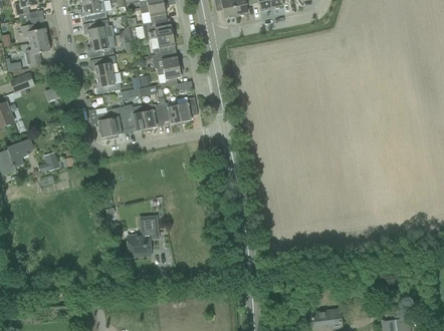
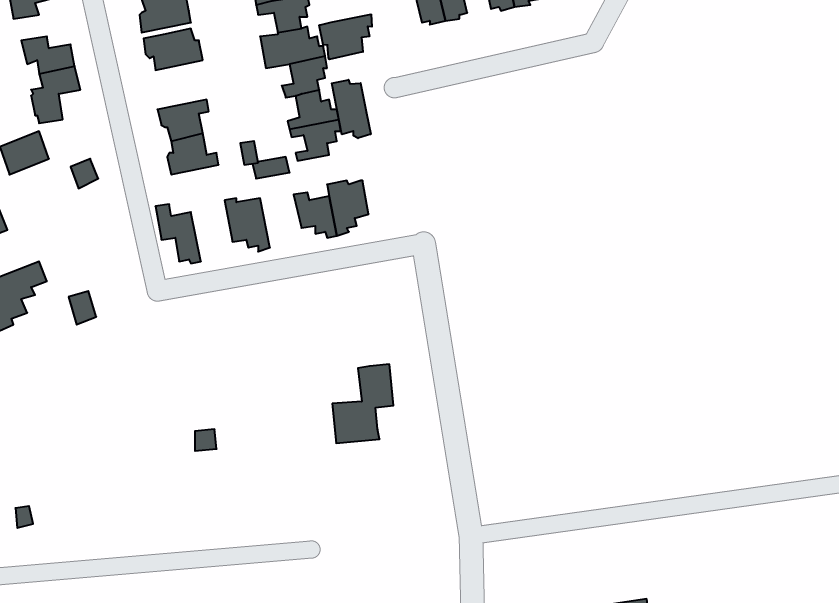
building: none -> [319,14,372,59]
building: [87,35,115,57] -> none
building: none -> [332,80,371,138]
building: [142,103,163,130] -> none
building: [105,106,128,137] -> none
building: [127,216,158,256] -> [332,364,393,443]

